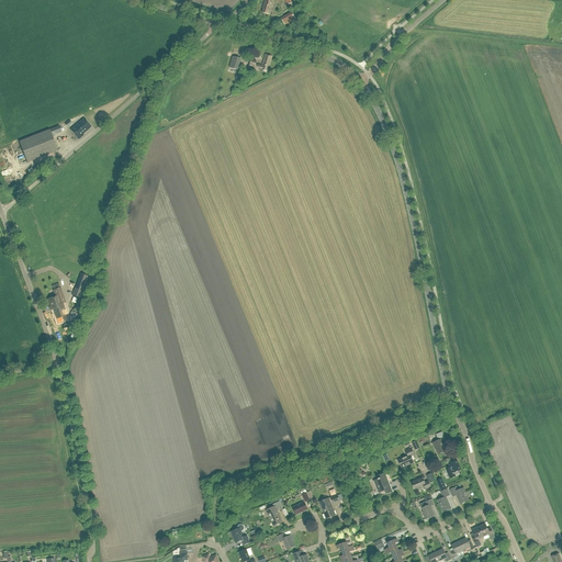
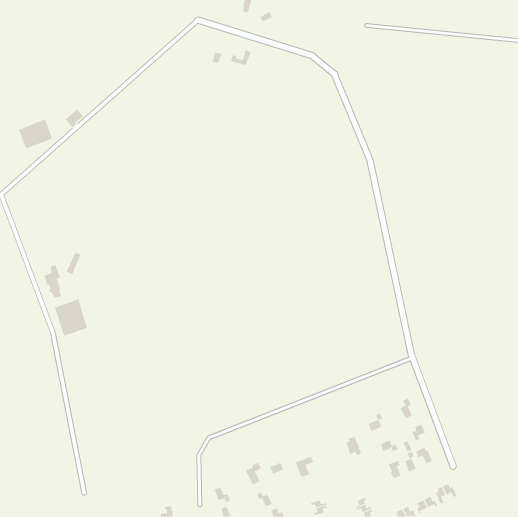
building: none -> [54,299,88,337]

